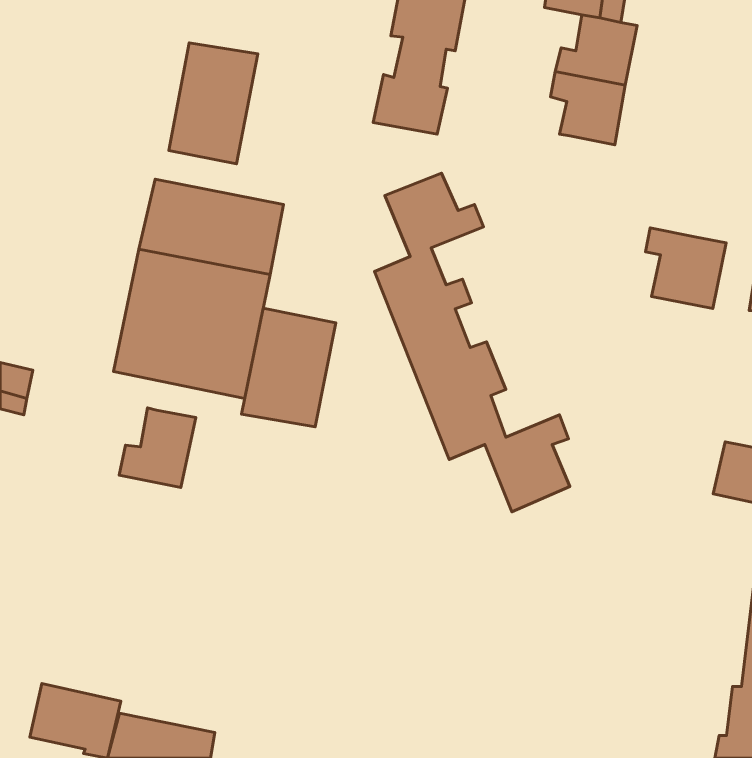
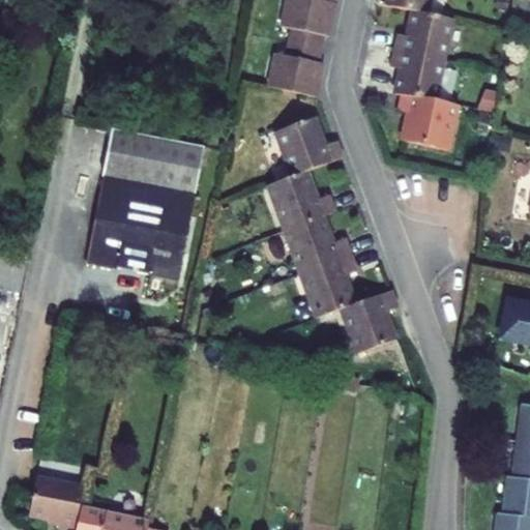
building: [169,43,258,164] -> none
building: [646,228,726,309] -> [400,94,455,150]
building: [241,308,336,427] -> none
building: [119,408,196,487] -> none

